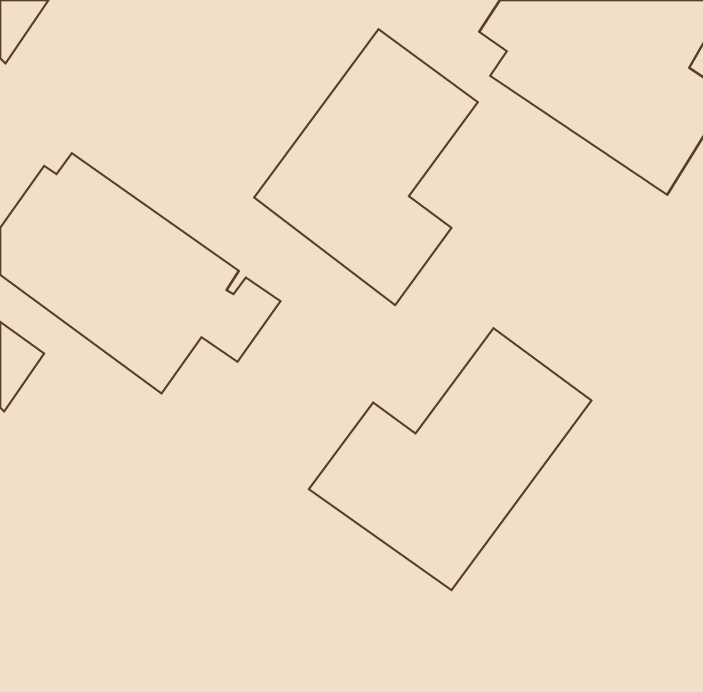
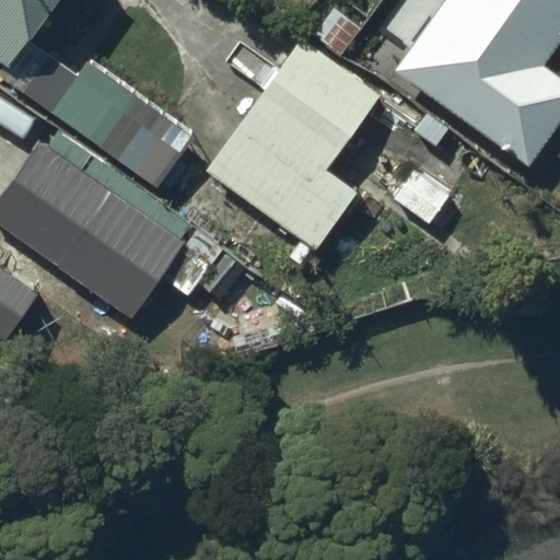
building: none -> [19,51,194,191]
building: [309,328,591,590] -> none

